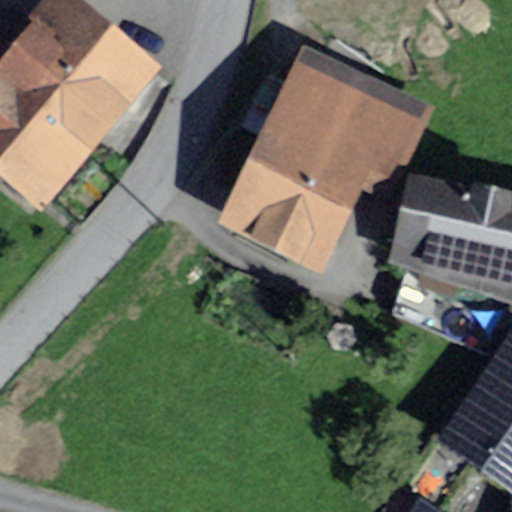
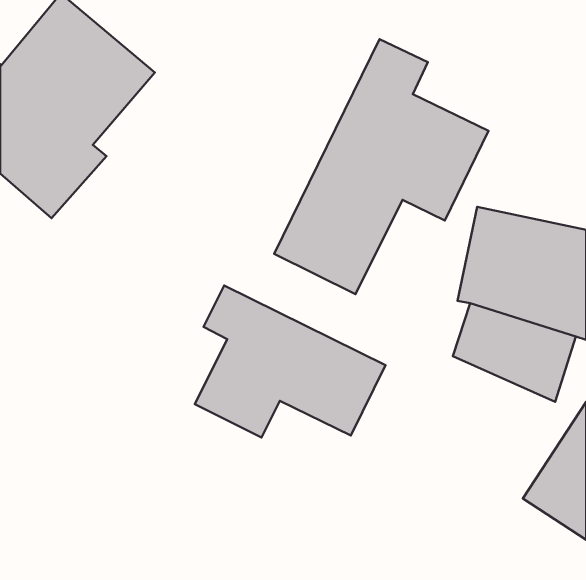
building: none -> [195,286,385,437]

